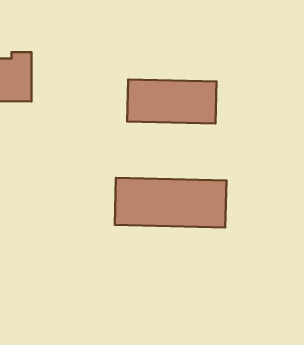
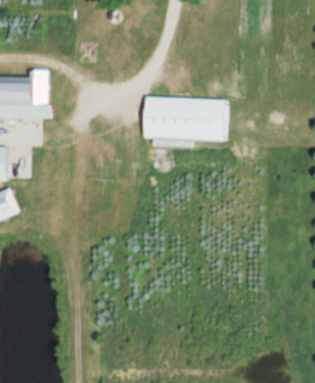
building: [115,178,226,228] -> none

